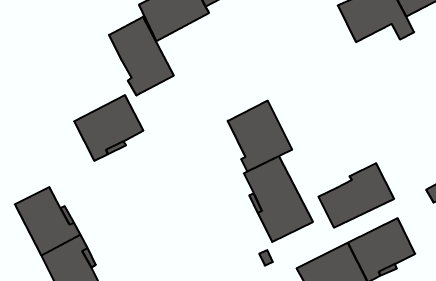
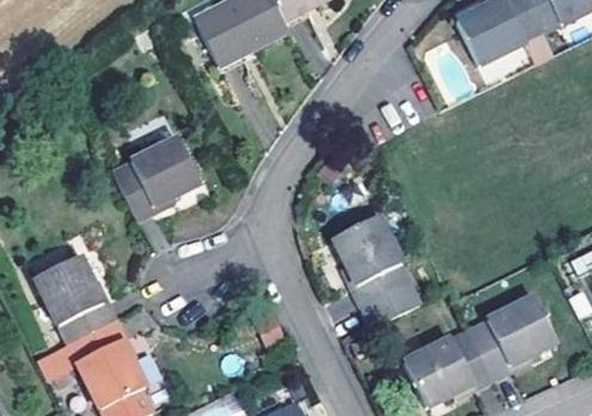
building: [109,17,174,96] -> none
building: [228,101,292,171] -> none
building: [318,163,394,228] -> none

